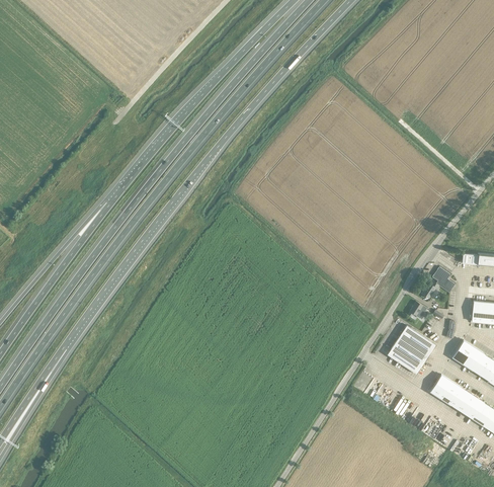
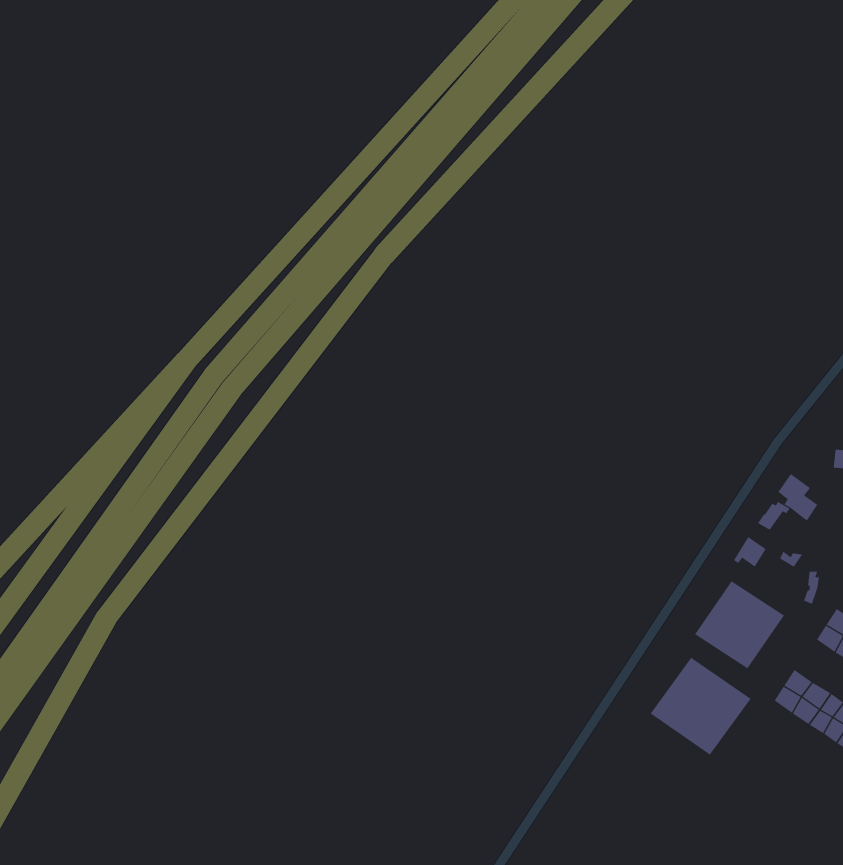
building: none -> [650,657,751,755]

